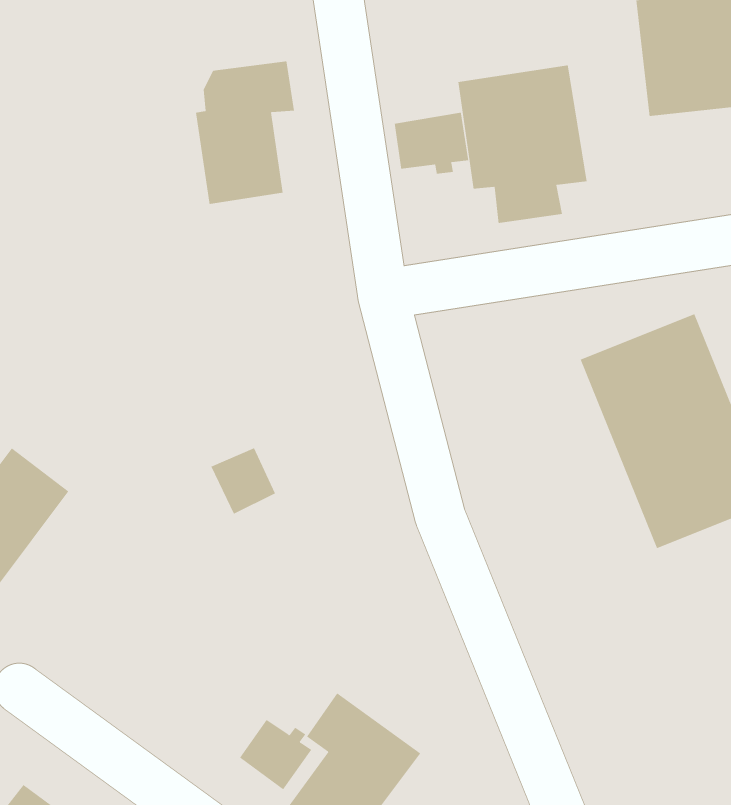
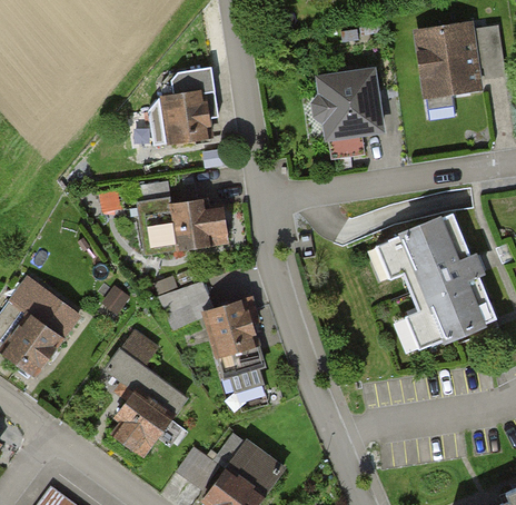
building: [394,112,469,175] -> none
building: none -> [137,198,227,256]
building: none -> [208,298,271,392]
building: none -> [110,333,187,455]

